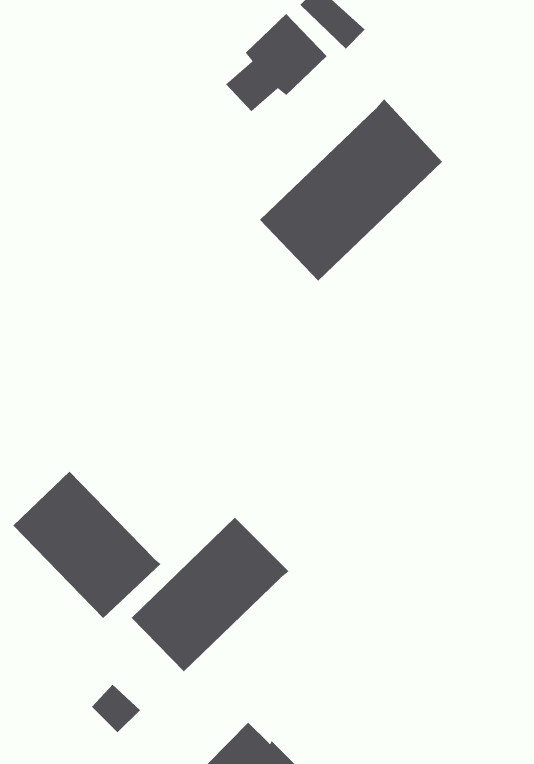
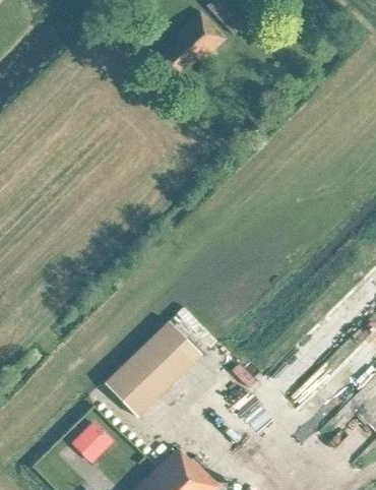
building: [259,98,443,281] -> none
building: [13,471,161,619] -> none

